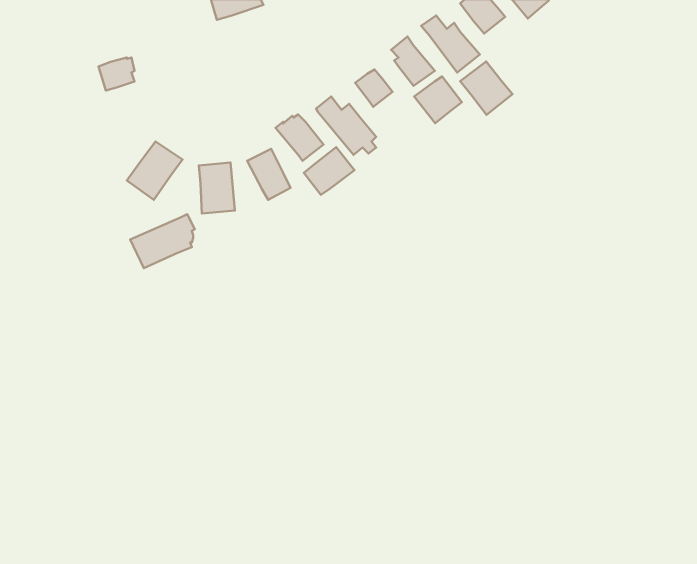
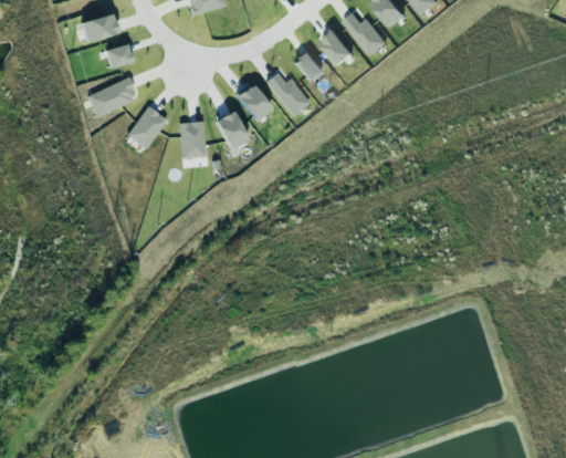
building: none -> [80,14,116,43]
building: [460,62,512,115] -> none
building: [414,77,462,123] -> none
building: [304,147,354,195] -> none
building: [130,214,195,268] -> [86,77,134,117]

